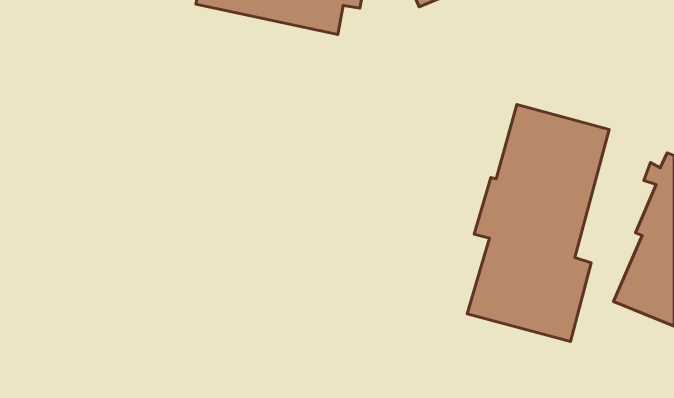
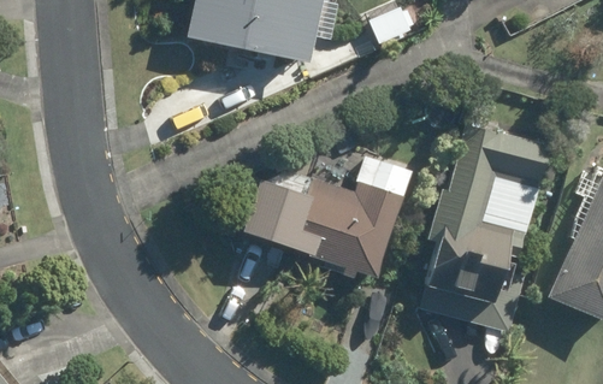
building: none -> [241,155,413,278]

